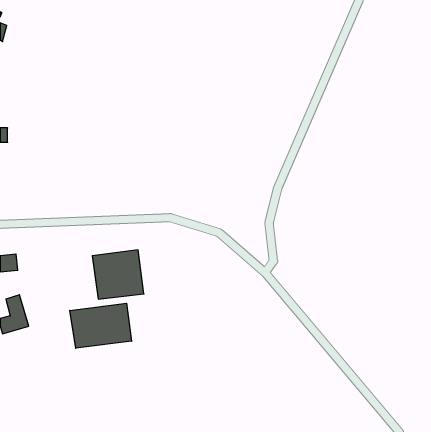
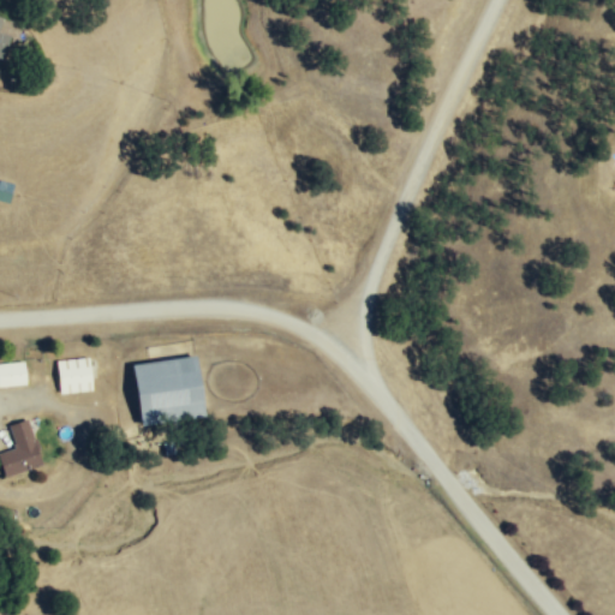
building: none -> [58,358,94,394]
building: [70,303,132,348] -> none

